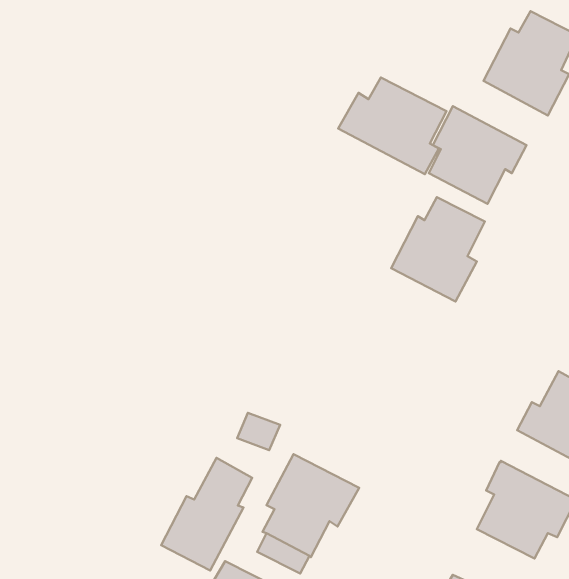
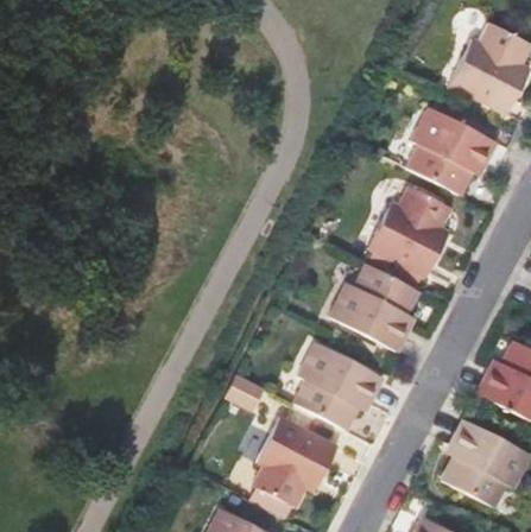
building: [338,78,446,174] -> none
building: none -> [331,262,418,349]
building: none -> [295,342,383,430]
building: [161,458,252,570] -> none

